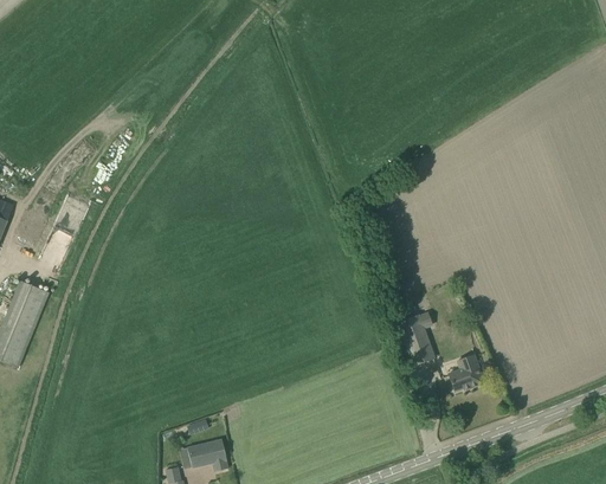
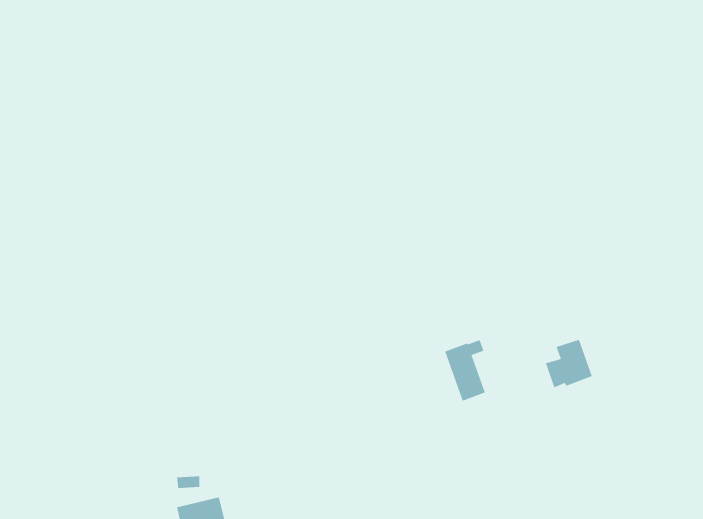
building: [447,354,485,393] -> [545,339,593,388]

